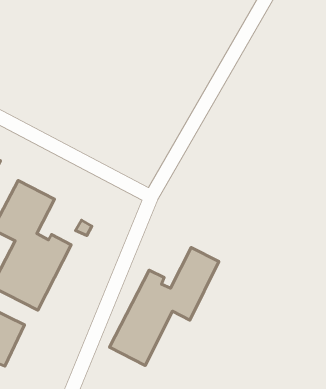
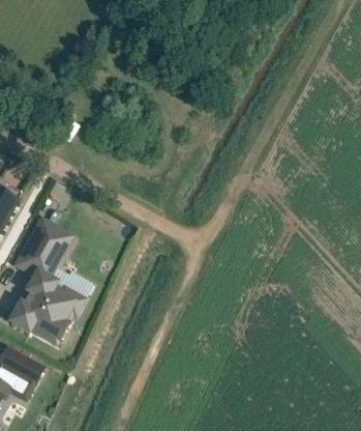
building: [109,248,219,365] -> none

